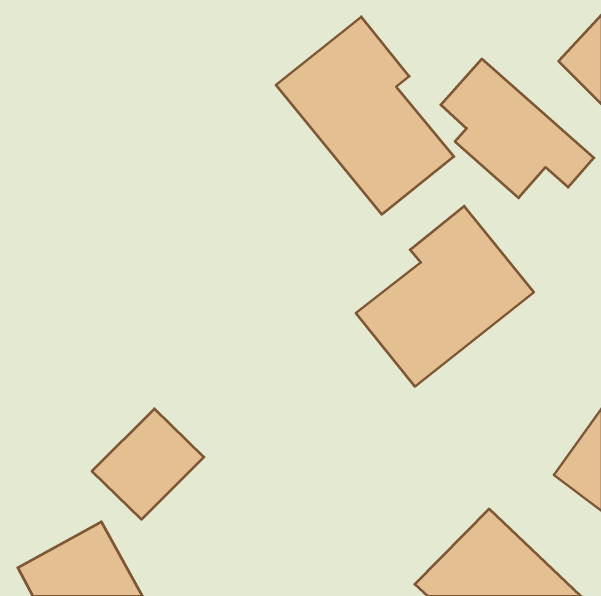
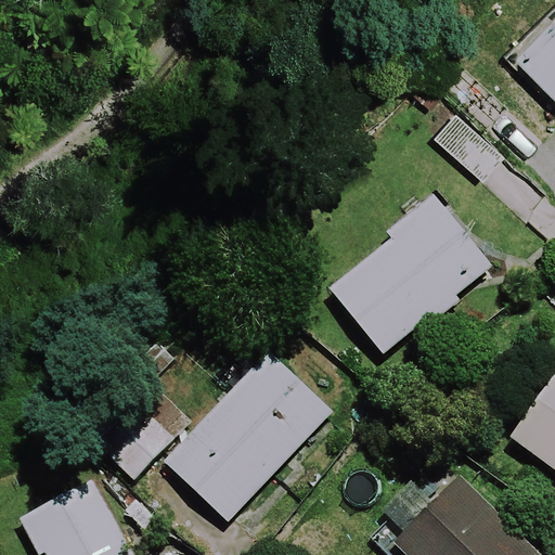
building: [276,17,454,214] -> none
building: none -> [165,353,331,522]

